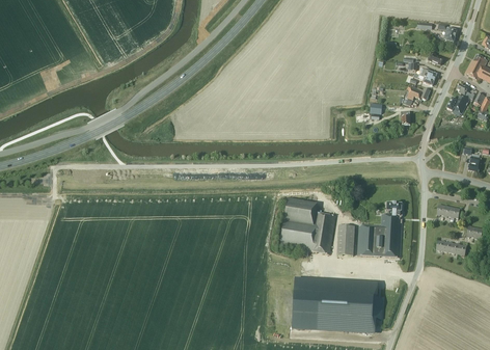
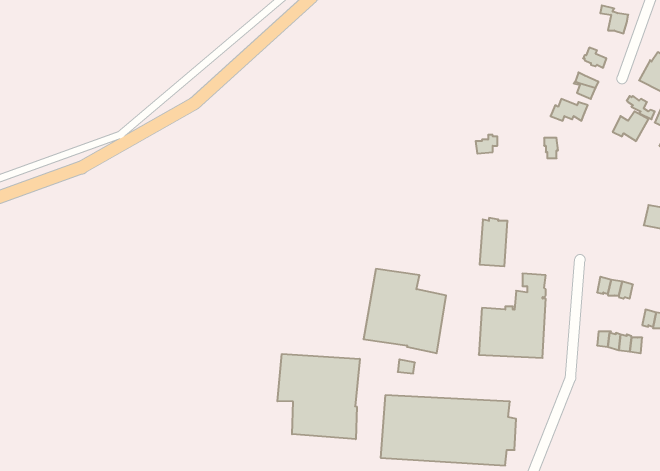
building: [336,224,355,257] -> [480,218,508,266]
building: none -> [277,354,360,439]

